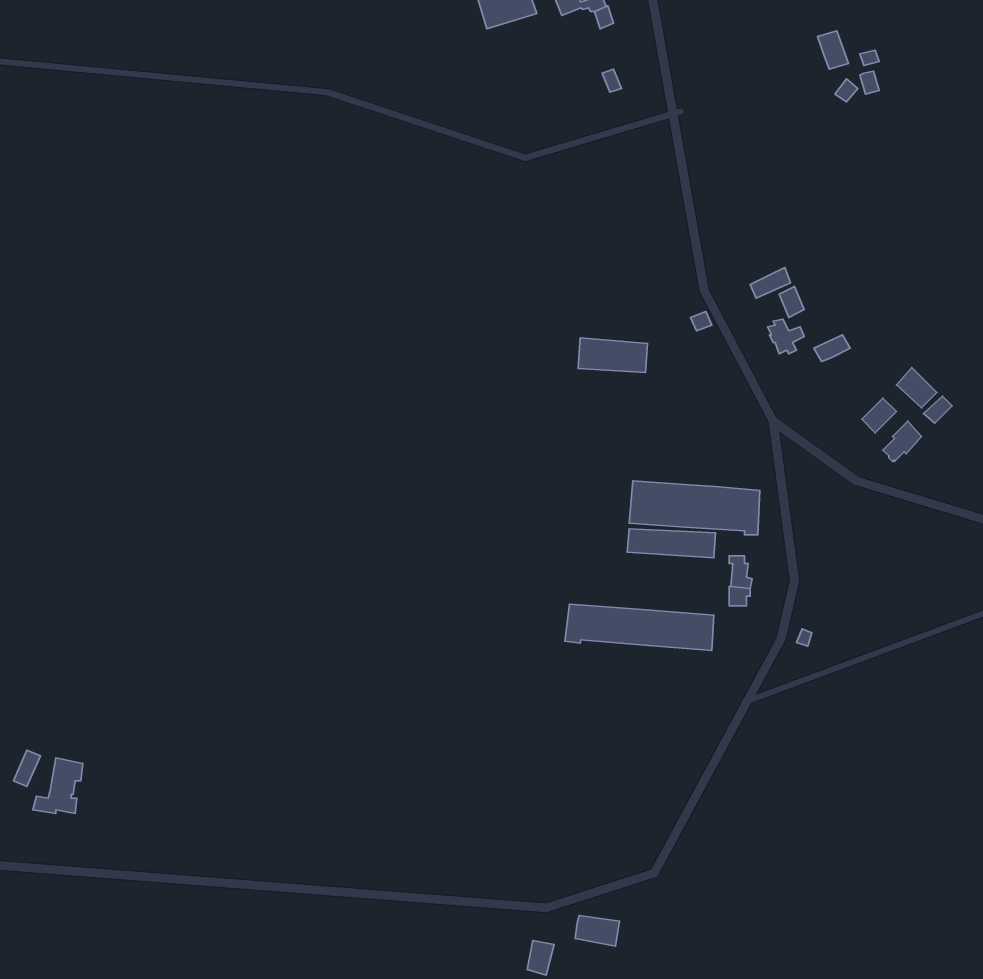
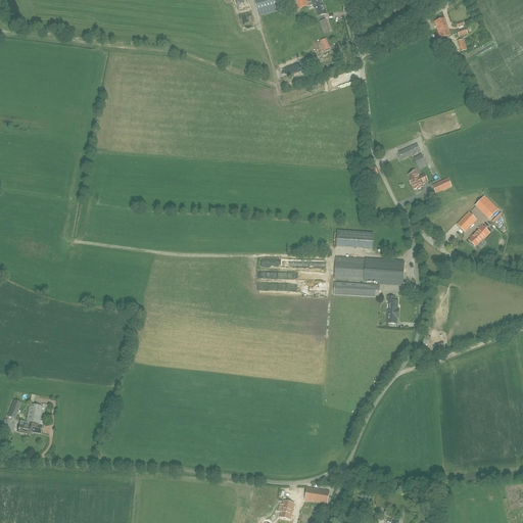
building: [578,338,647,372] -> [336,229,373,247]
building: [565,604,714,651] -> none

